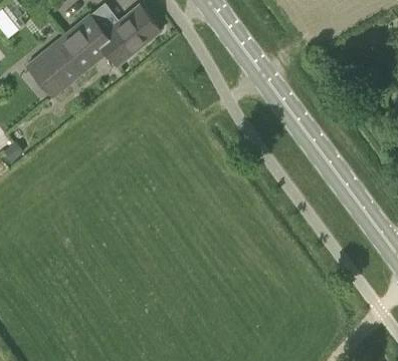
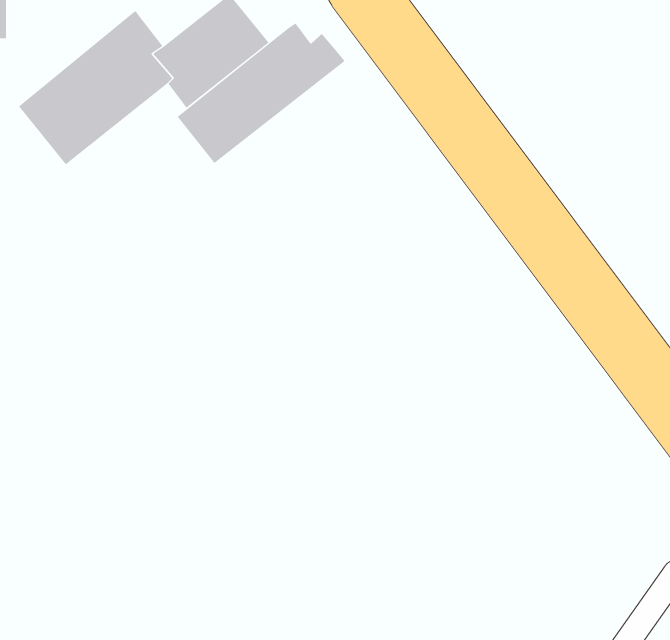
building: none -> [177,22,345,164]

